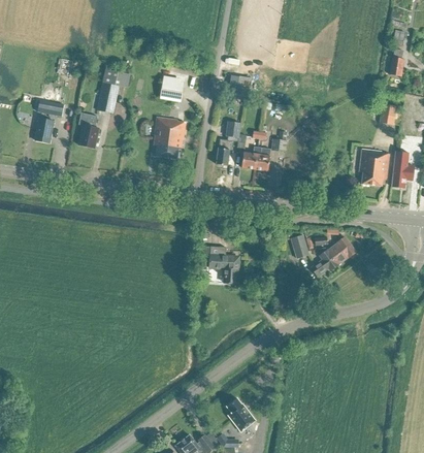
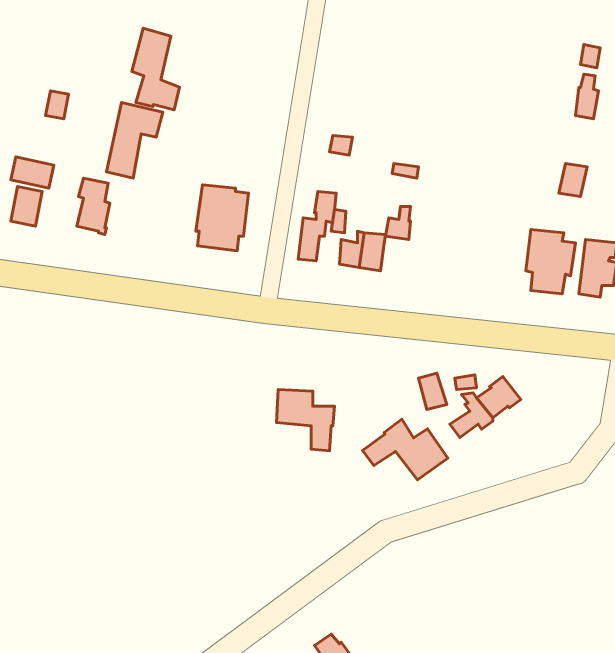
building: none -> [132,28,180,110]
building: [157,79,184,103] -> none
building: none -> [362,419,448,480]

